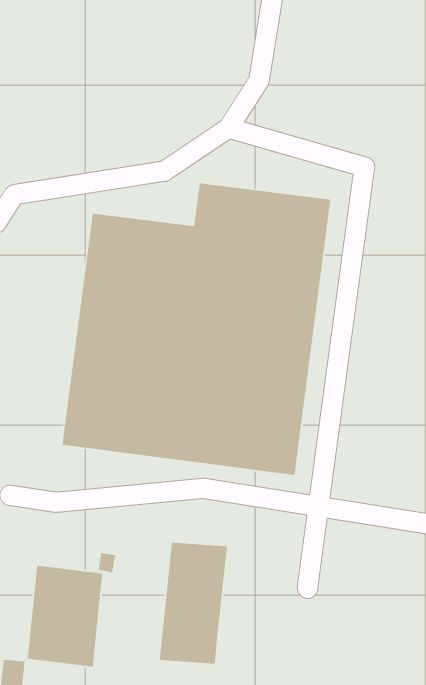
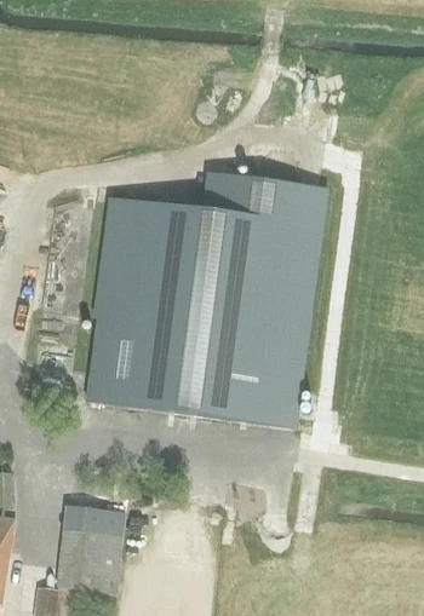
building: [159,542,228,664] -> none

